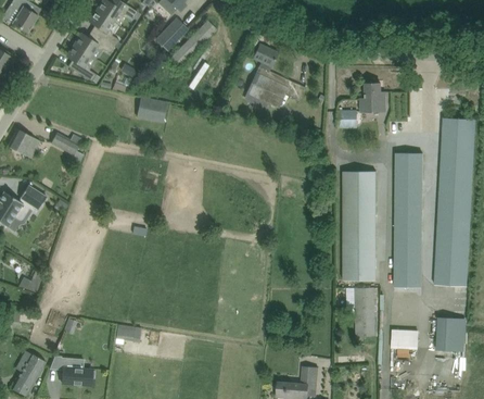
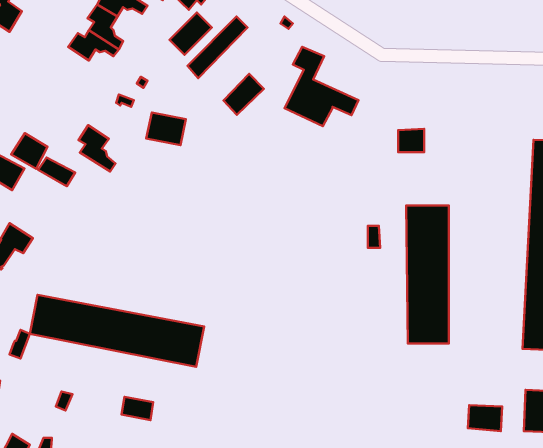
building: [66,45,95,82] -> [79,125,116,172]
building: none -> [223,74,264,115]
building: [358,84,384,112] -> none
building: none -> [11,133,48,169]
building: [394,153,422,287] -> none
building: none -> [30,295,204,367]
building: [353,288,374,344] -> none

